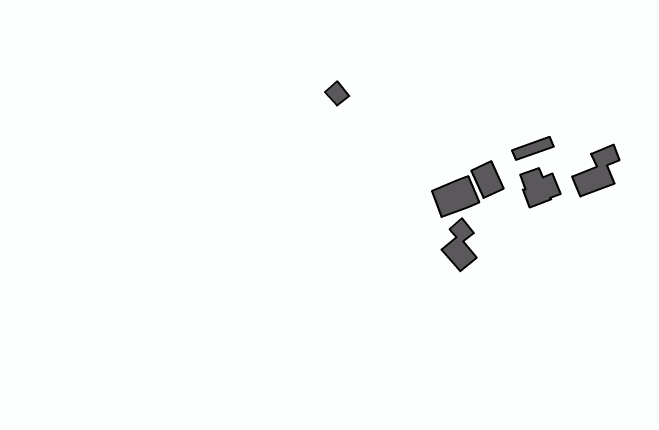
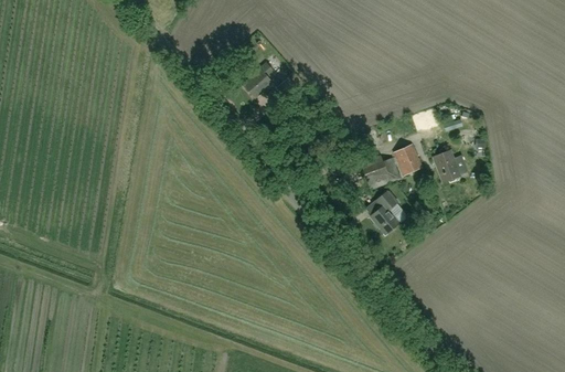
building: none -> [242,62,273,97]
building: [572,145,619,197] -> none

